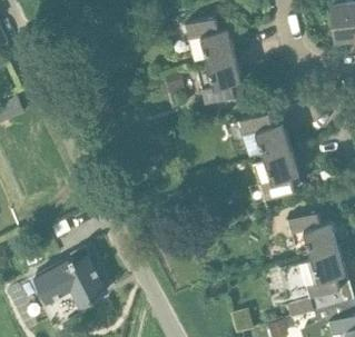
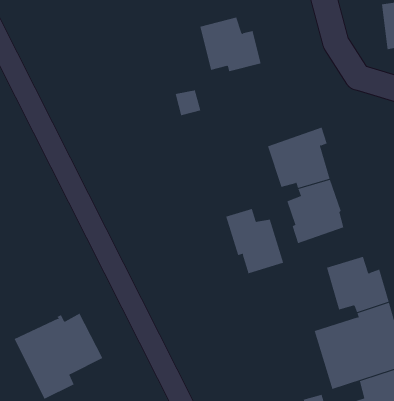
building: [195,52,241,102] -> none
building: none -> [226,208,284,274]

